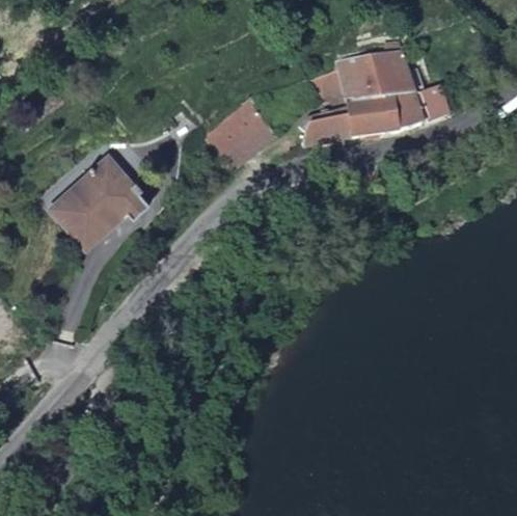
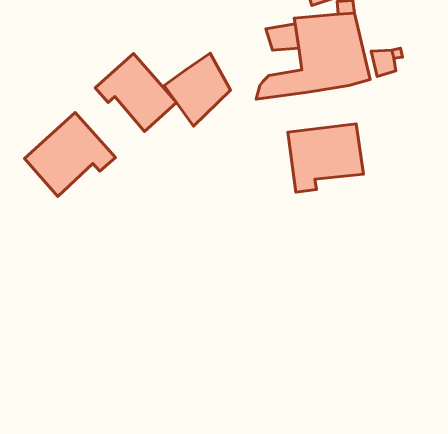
building: none -> [95,54,176,132]
building: none -> [288,124,363,192]

